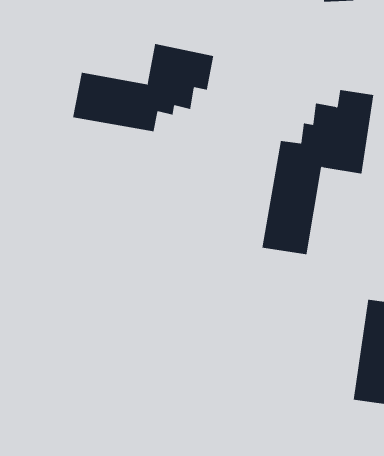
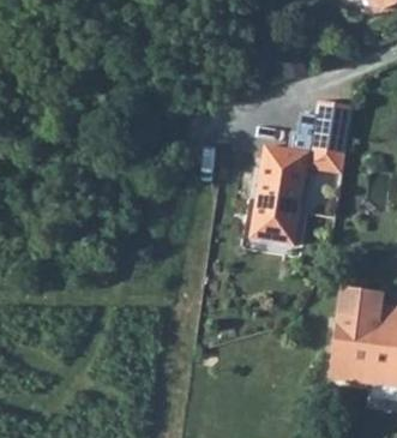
building: [73,43,214,132] -> none

